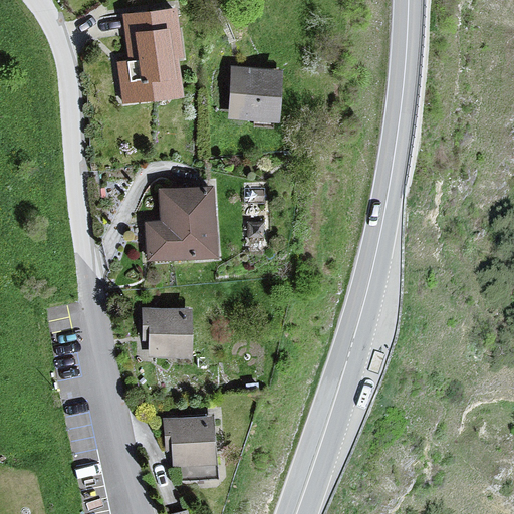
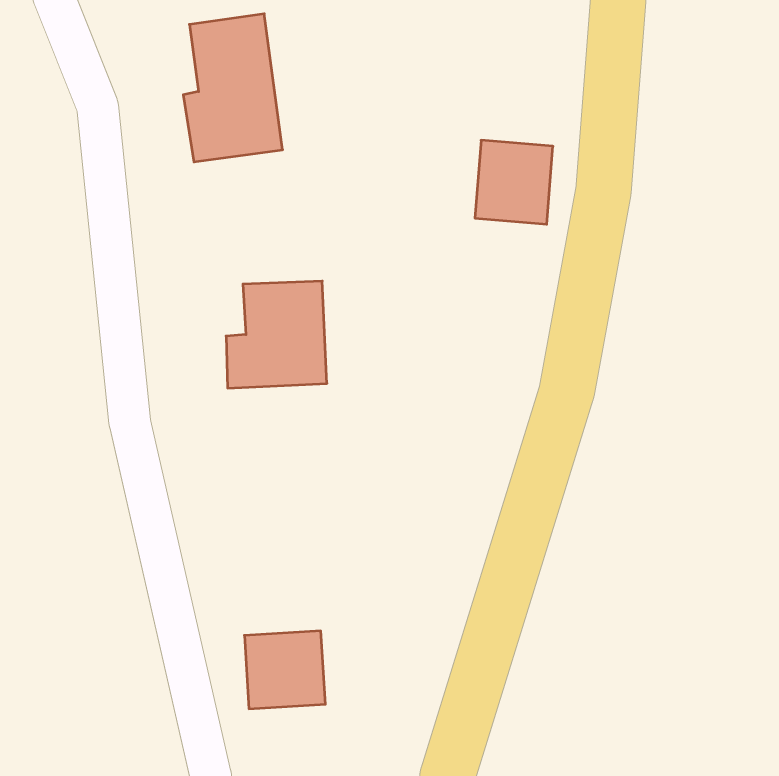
building: [230,68,281,123] -> [475,140,553,224]
building: [141,308,192,357] -> none

